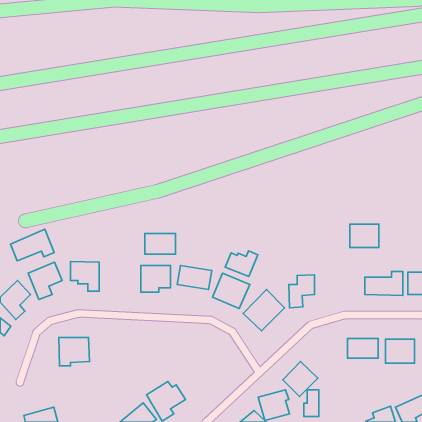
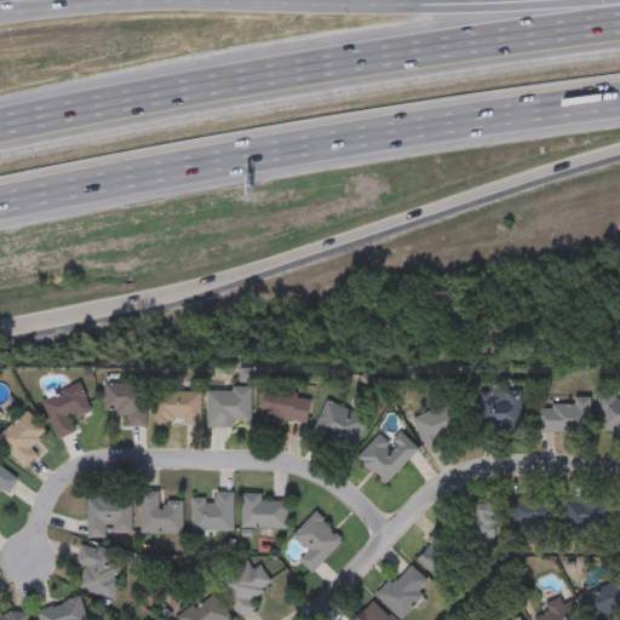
building: [350,224,379,247] -> [480,395,522,429]
building: [10,229,54,261] -> none
building: [145,234,176,254] -> [155,391,200,421]
building: [225,251,258,277] -> none
building: none -> [140,489,183,532]
building: none -> [190,492,232,529]
building: none -> [241,492,287,526]
building: none -> [293,511,344,572]
building: none -> [76,544,122,596]
building: [304,390,319,416] -> [472,501,494,540]

